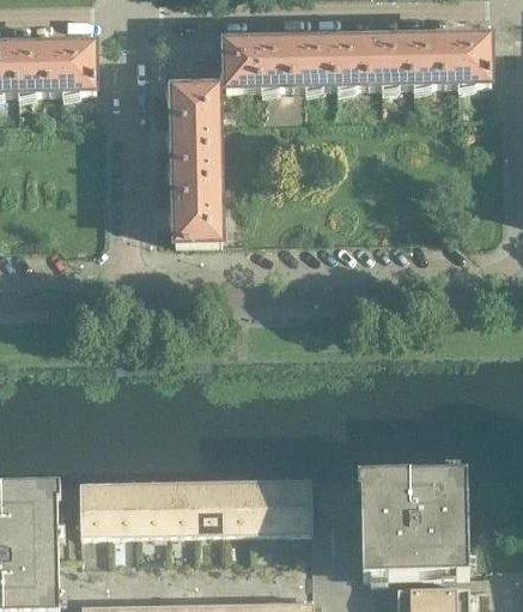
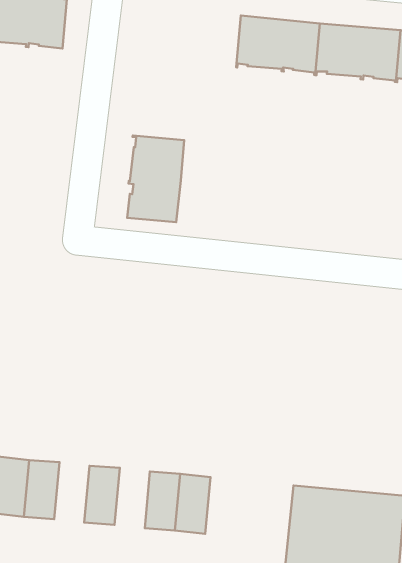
building: [170,40,261,164] -> none
building: [281,475,312,531] -> none
building: [195,478,225,532] -> none
building: [138,479,168,533] -> none

